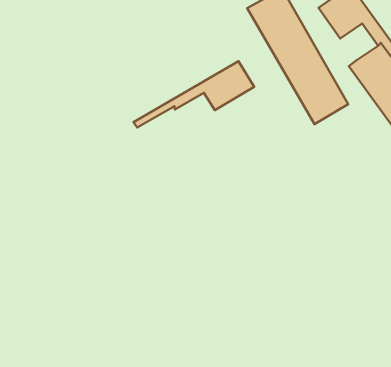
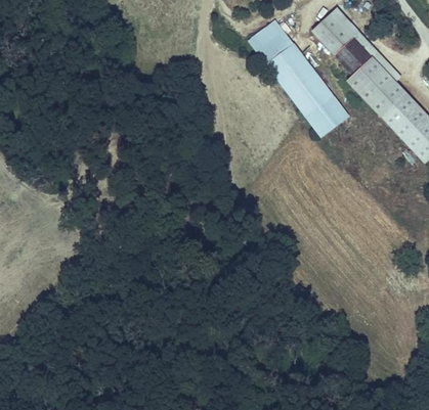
building: none -> [335,40,371,75]
building: [133,61,254,127] -> none

